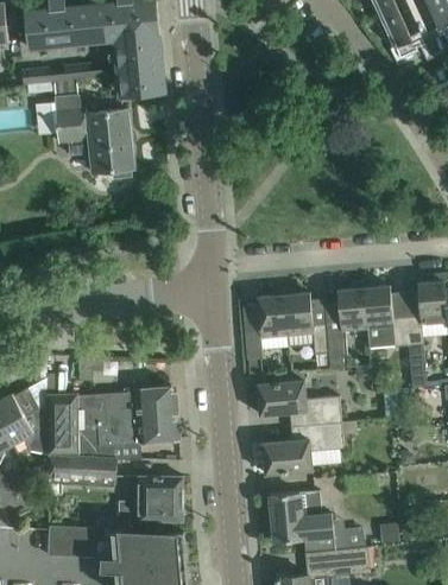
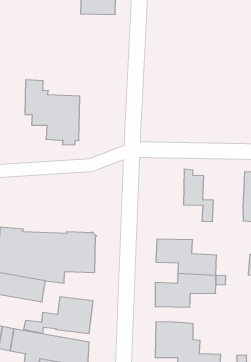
building: [53,95,134,177] -> [25,80,80,145]
building: [326,281,366,368] -> none
building: [245,287,286,360] -> none

